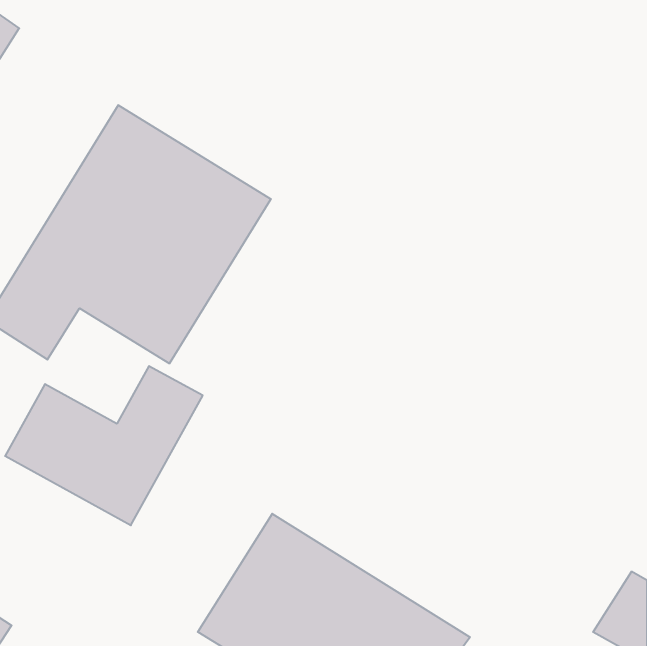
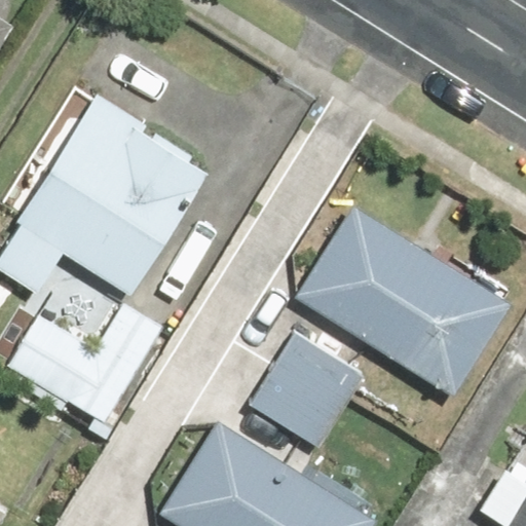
building: none -> [293,203,512,396]
building: none -> [243,330,366,452]

